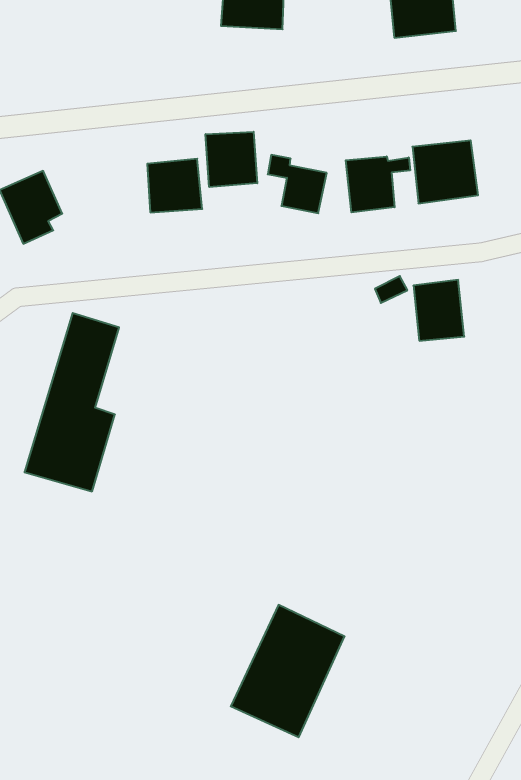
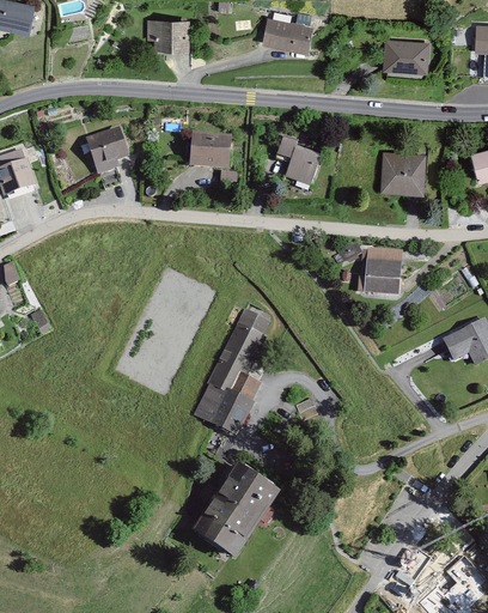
building: none -> [150,23,189,50]
building: [206,132,257,187] -> none
building: [346,156,410,212] -> none
building: [24,313,119,491] -> [190,306,274,435]

